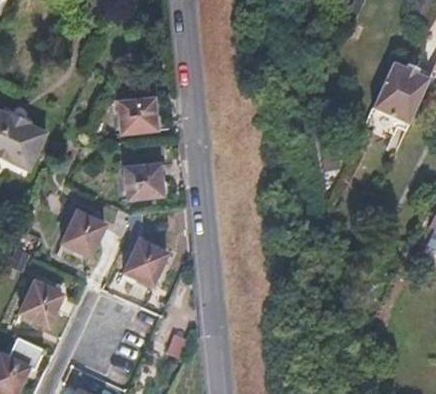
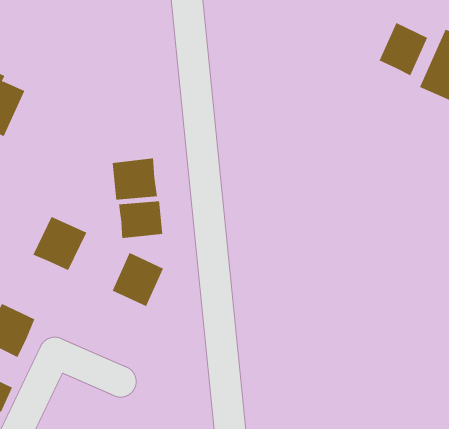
building: none -> [379,22,428,76]
building: [118,100,155,133] -> none
building: none -> [119,201,163,239]

